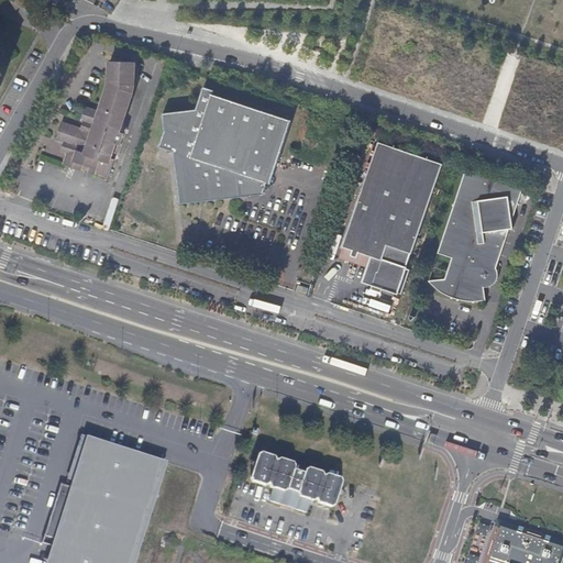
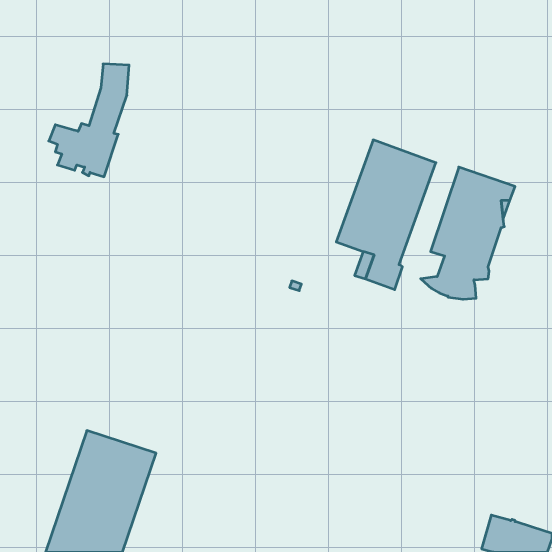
building: [161,86,294,203] -> none
building: [249,448,341,509] -> none

